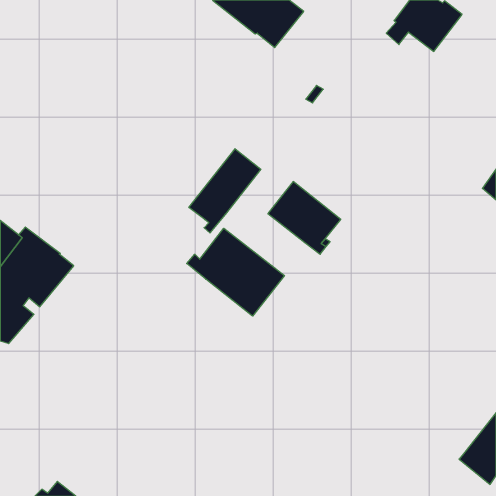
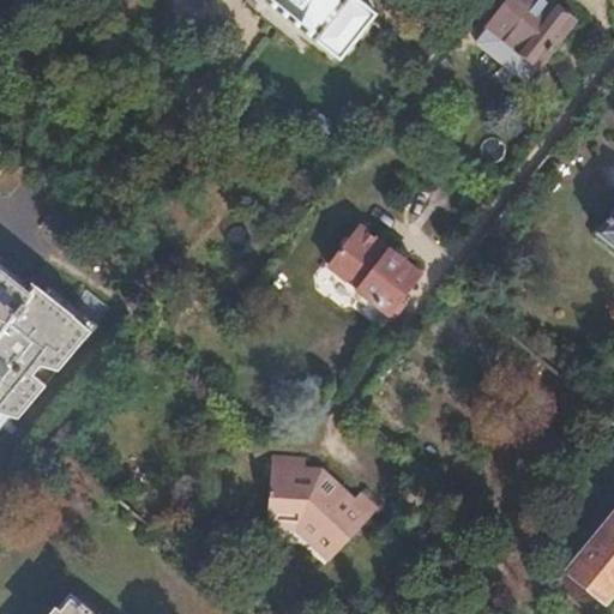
building: [189,149,261,233] -> none
building: [187,228,284,316] -> none
building: none -> [267,456,378,559]

